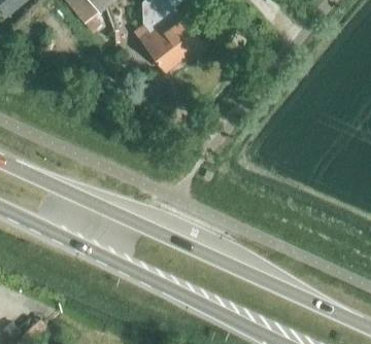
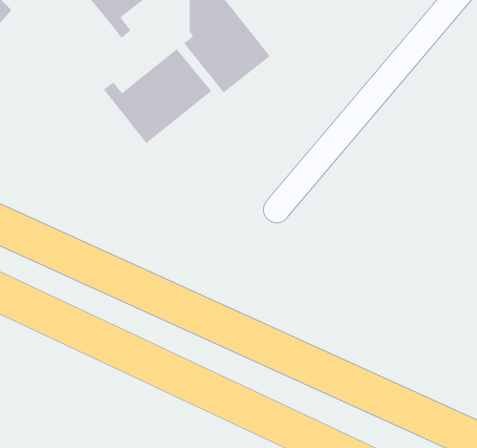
building: none -> [103,48,212,144]

